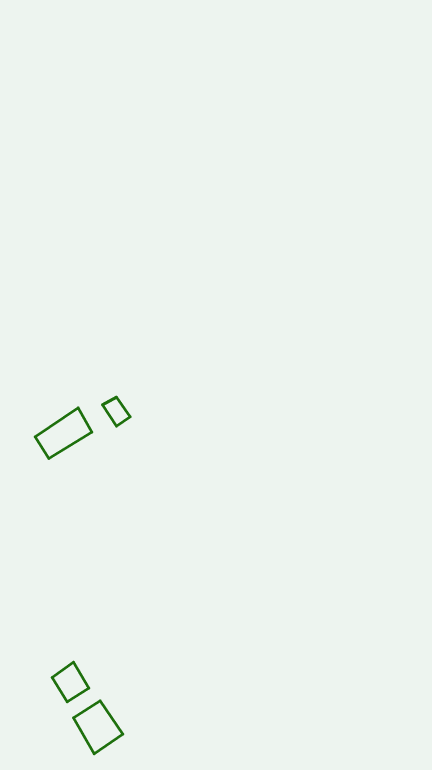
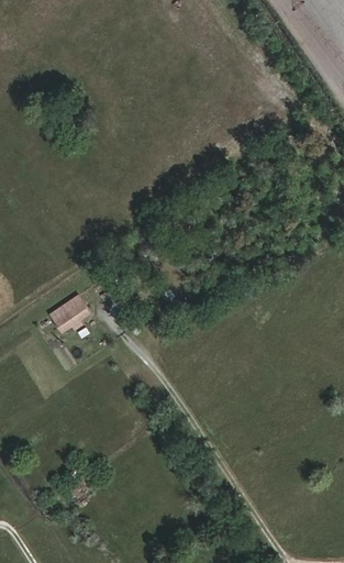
building: [73,701,123,754] -> none

